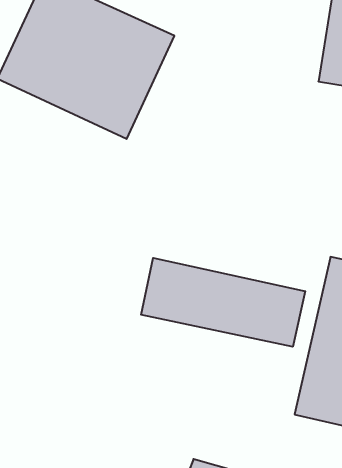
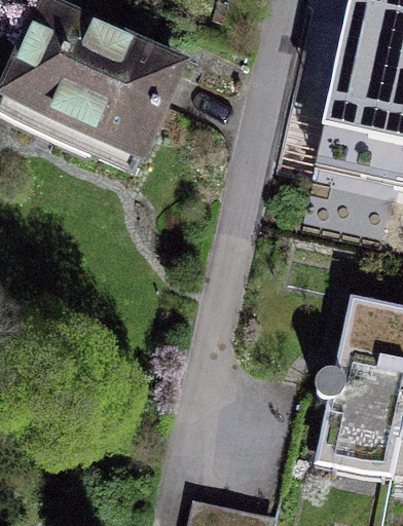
building: [141,258,305,347] -> none

